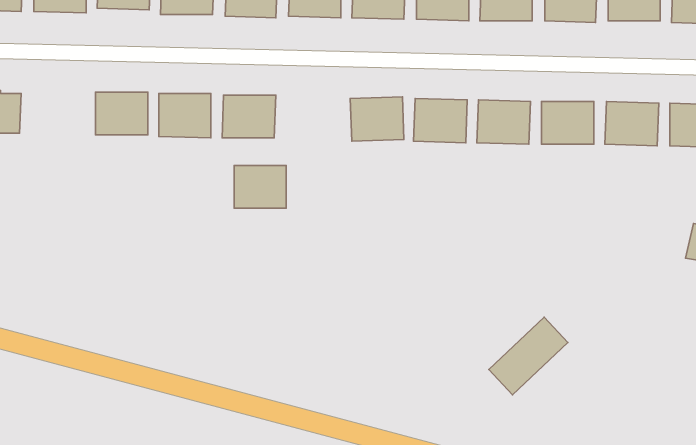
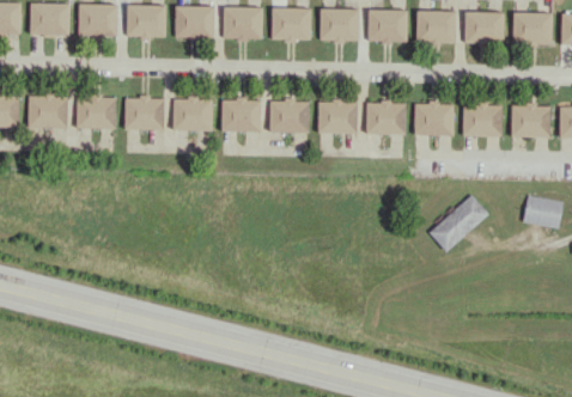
building: none -> [30,94,69,128]
building: [234,165,286,208] -> [223,99,262,132]
building: [489,317,568,395] -> [430,194,489,252]

